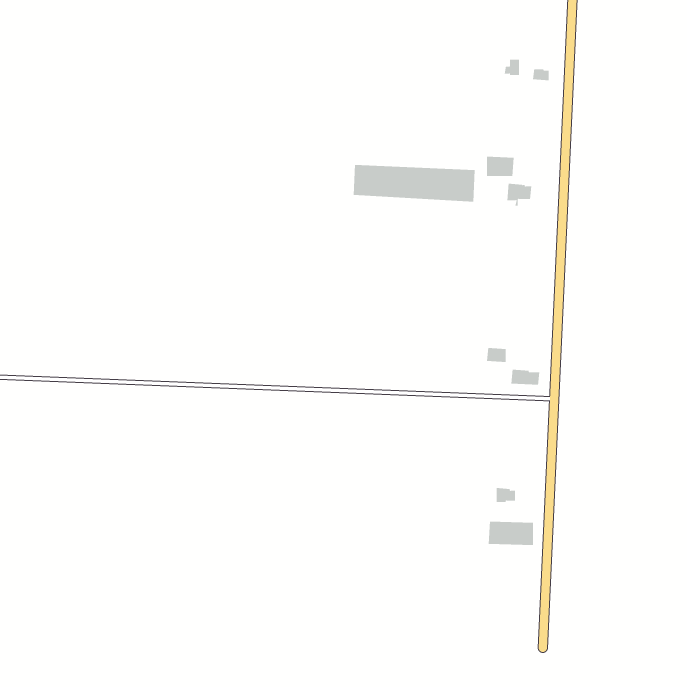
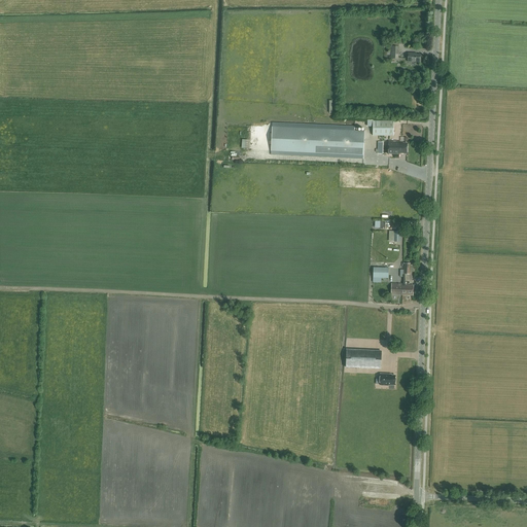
building: [488,521,534,545] -> [345,349,380,367]

